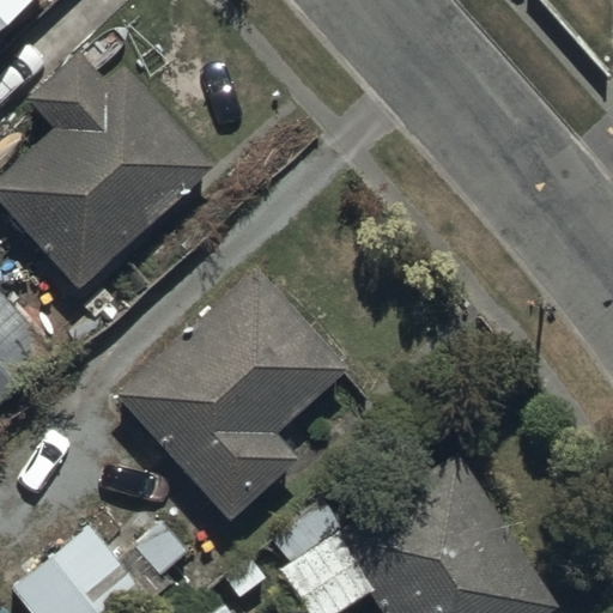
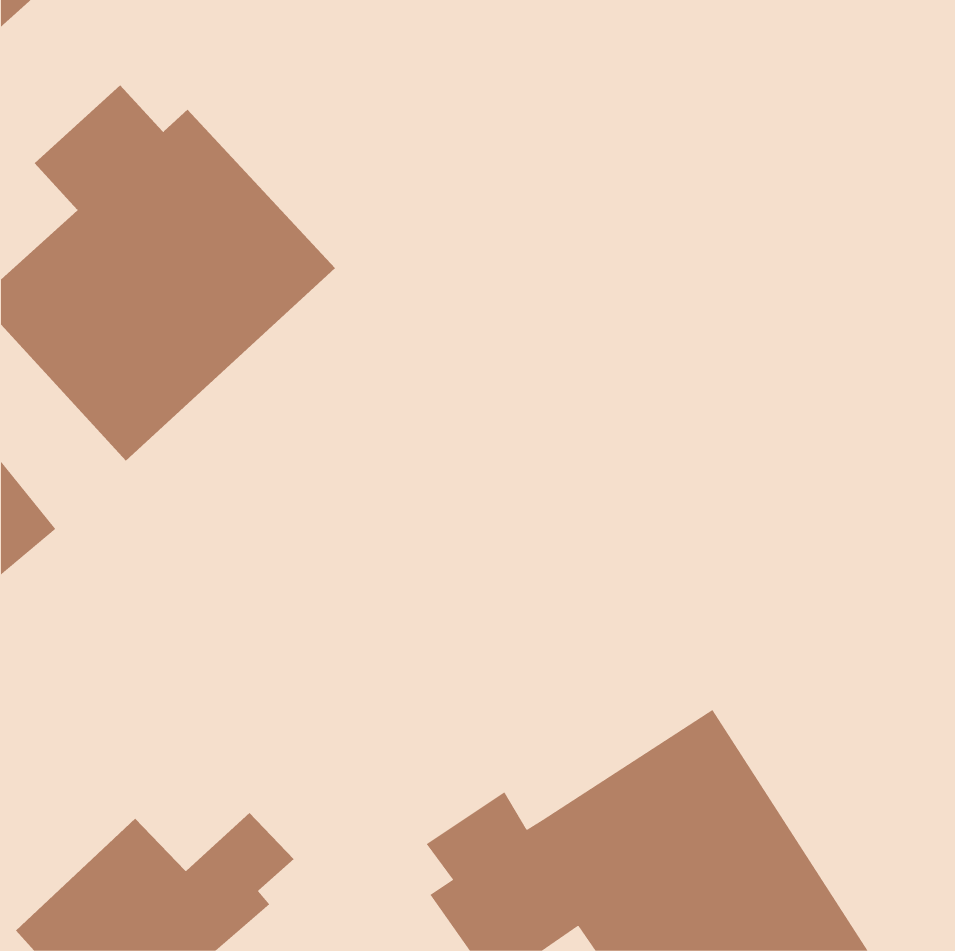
building: [117,271,345,523] -> none

